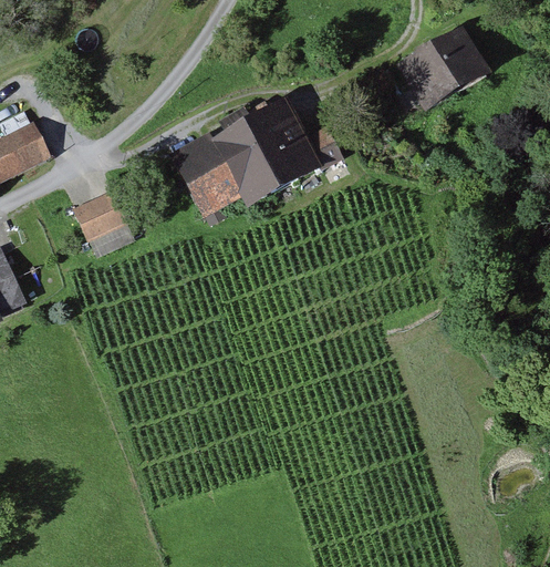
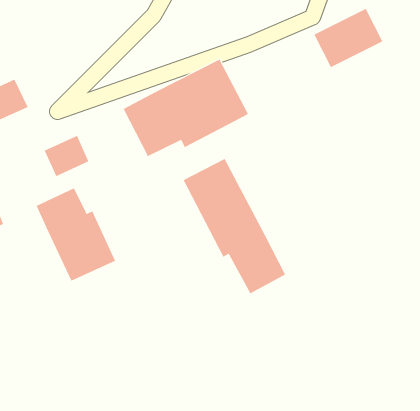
building: none -> [183,158,286,294]
building: none -> [36,188,116,281]

